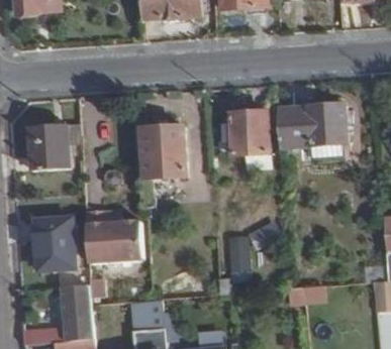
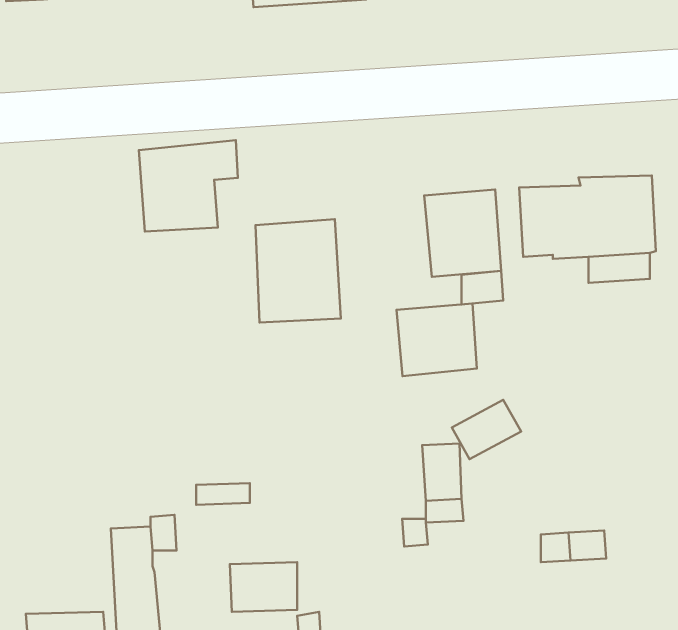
building: [28,123,79,169] -> [139,140,238,232]
building: none -> [396,304,477,376]
building: [83,211,142,257] -> none
building: [33,215,74,266] -> none

